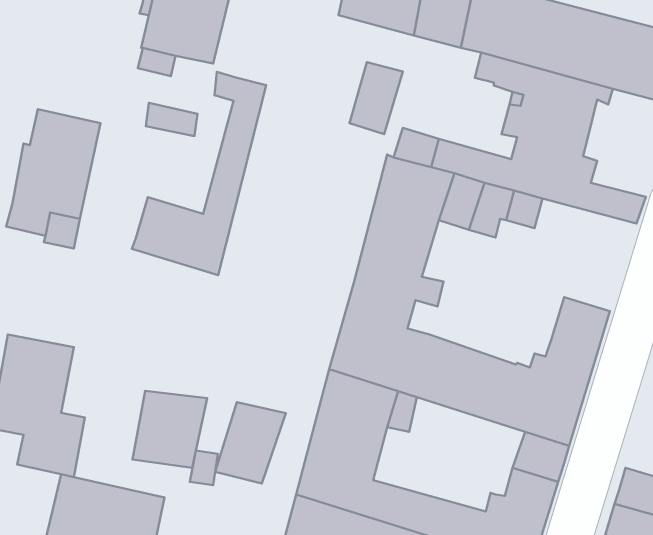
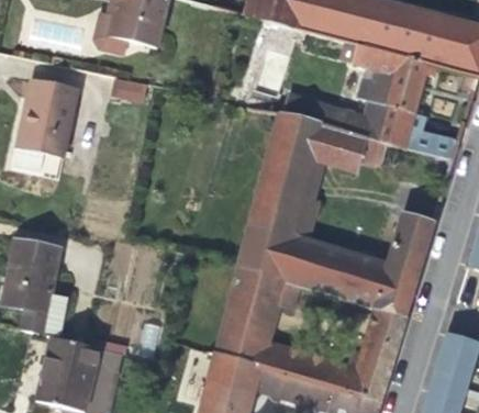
building: [132,72,266,275] -> none
building: [133,391,207,468] -> none
building: [215,402,286,483] -> none

